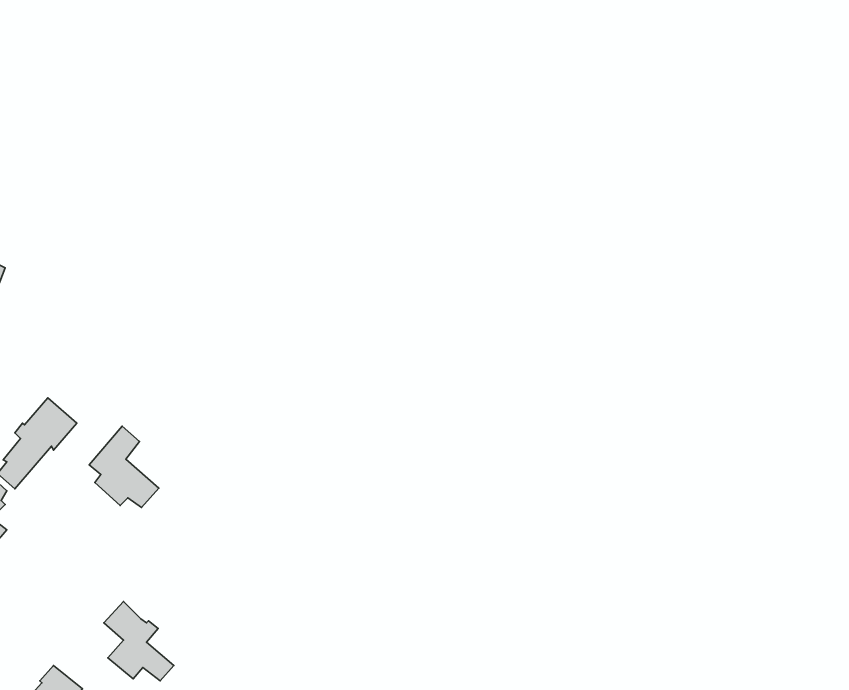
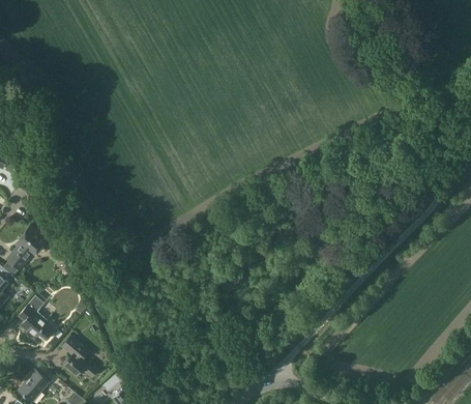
building: [89,426,159,508] -> [18,295,55,339]

